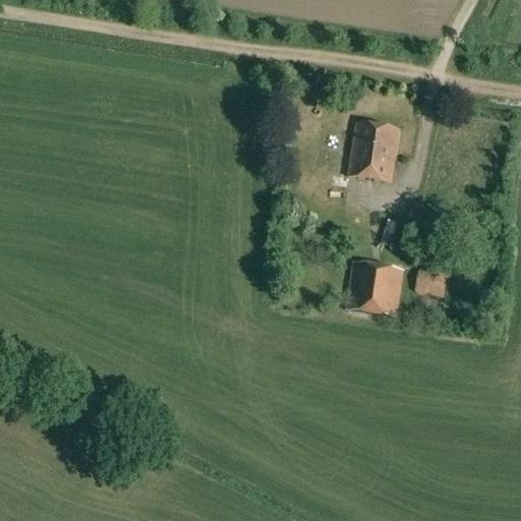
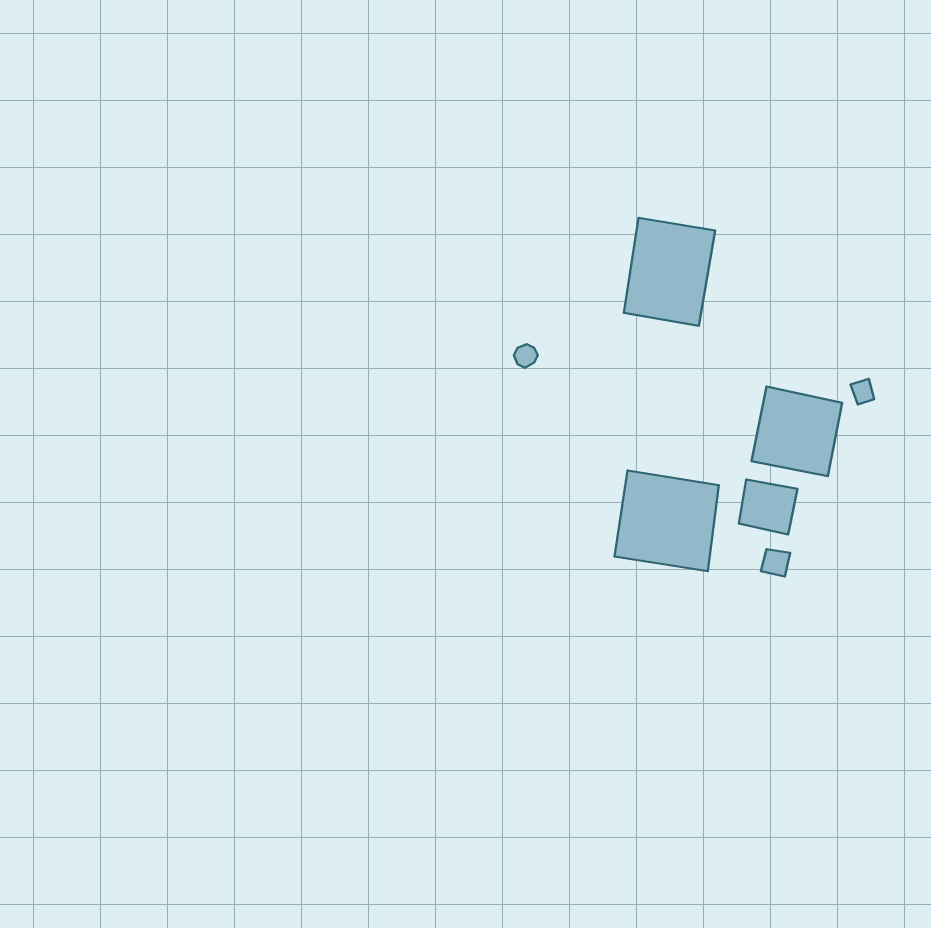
building: none -> [751,386,842,476]

